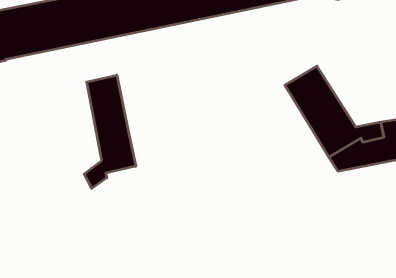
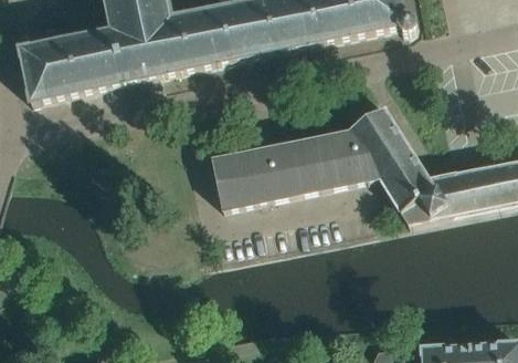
building: [84,75,136,188] -> none
building: none -> [210,128,377,209]

